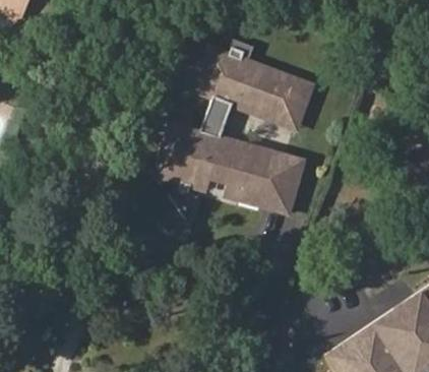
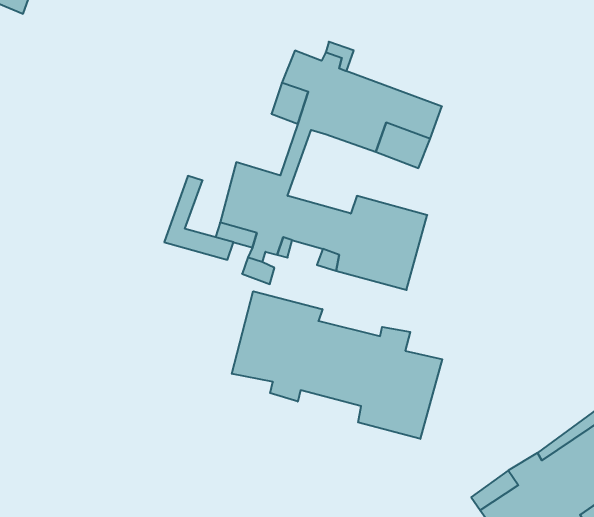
building: [205,102,253,160] -> [164,176,233,260]
building: none -> [232,291,442,439]

